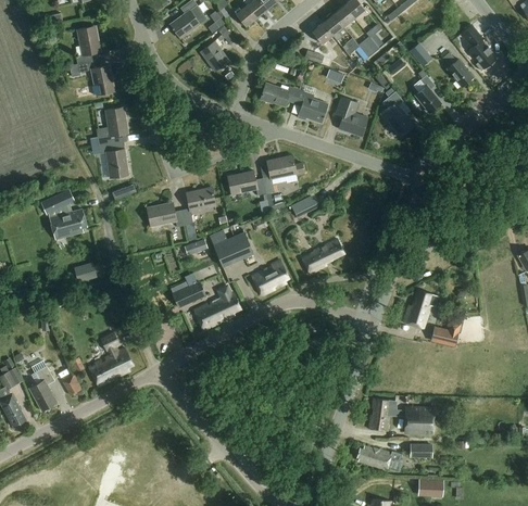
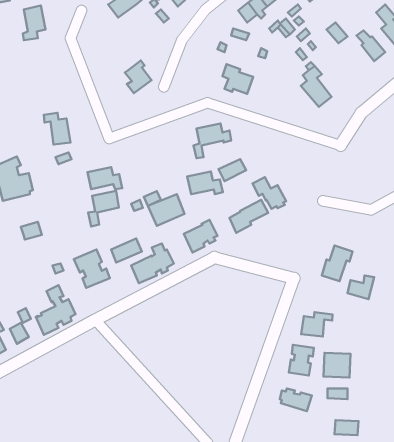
building: [200,38,229,74] -> [125,60,152,93]
building: [70,61,114,94] -> none
building: [415,74,441,112] -> none
building: [260,81,299,105] -> none
building: [335,97,368,136] -> none
building: [98,106,128,144] -> none
building: [227,169,266,194] -> [187,171,223,194]
building: [181,186,215,225] -> [88,191,119,226]
building: none -> [252,177,286,209]
building: none -> [74,249,110,288]
building: none -> [301,312,332,337]

